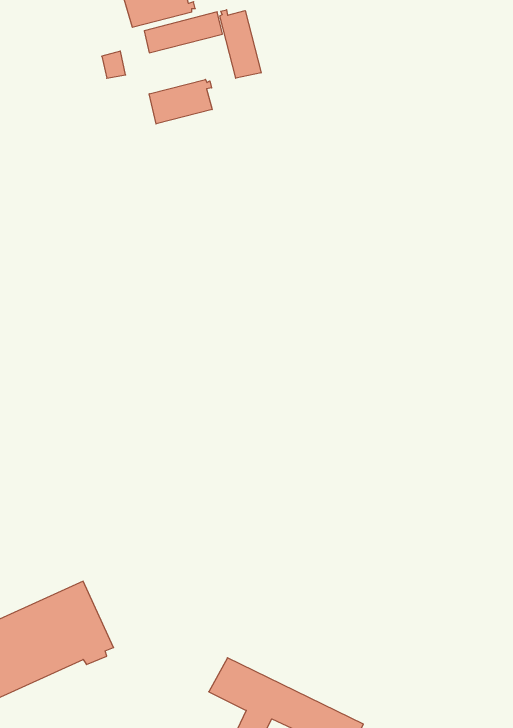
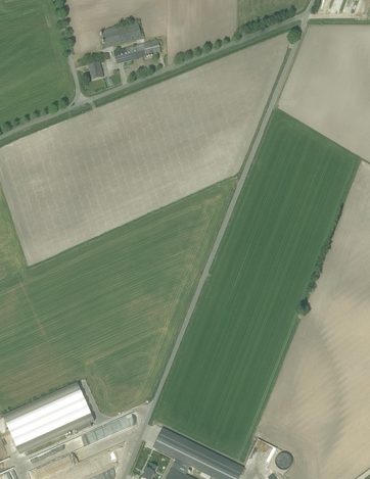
building: [220,10,261,78] -> none
building: [149,79,212,124] -> none

